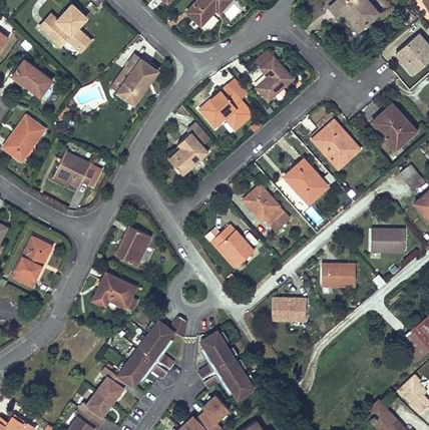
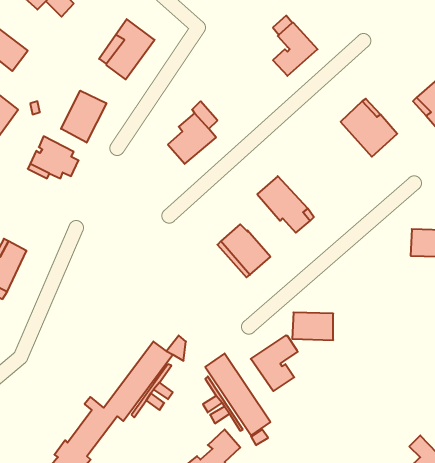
building: [198,85,253,129] -> none
building: none -> [61,91,106,143]
building: [284,159,327,203] -> none
building: [114,227,150,266] -> none
building: [321,264,355,286] -> none
building: [93,274,137,311] -> none
building: none -> [251,335,298,391]

